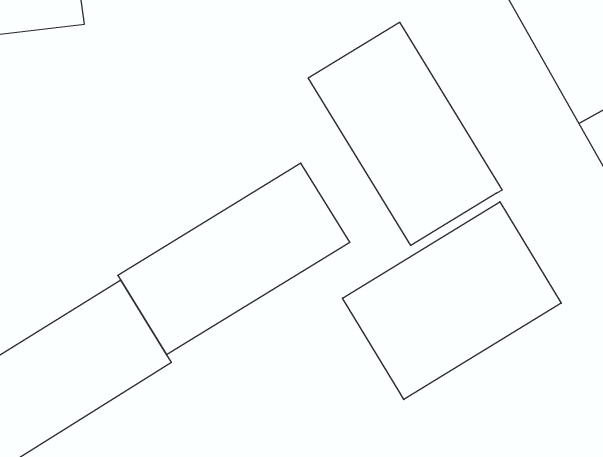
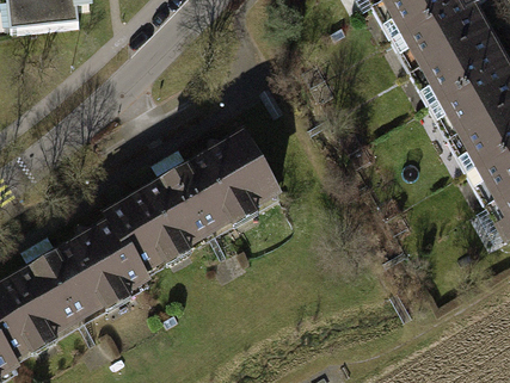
building: [308,22,502,245] -> none
building: [342,202,561,400] -> none

